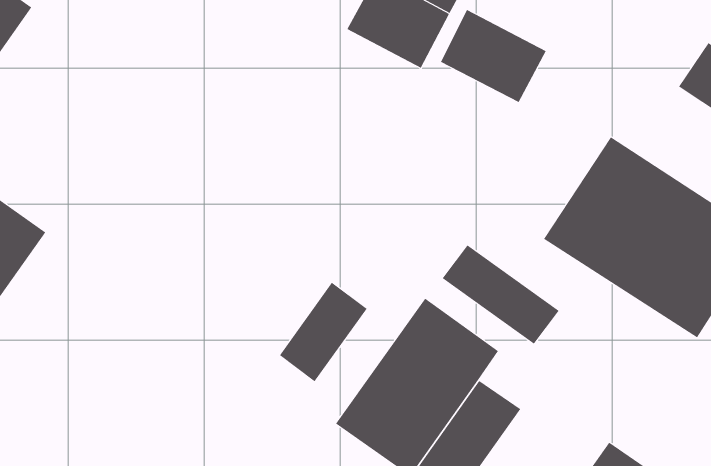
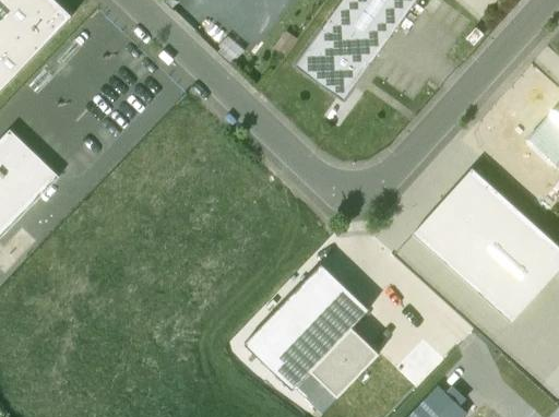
building: [440,9,546,103] -> none
building: [442,245,560,344] -> none
building: [279,282,367,382] -> none

